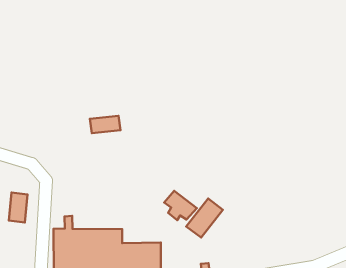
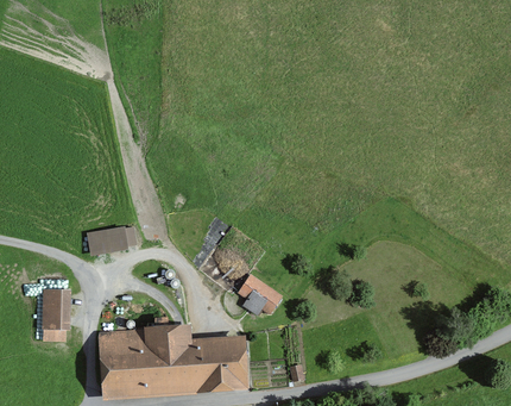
building: [90,116,120,133] -> [88,229,127,252]
building: [186,199,223,238] -> none

